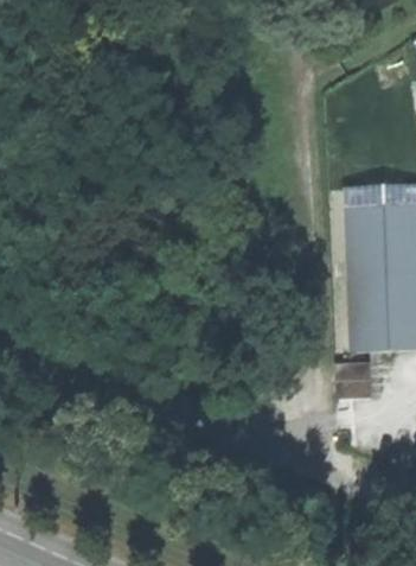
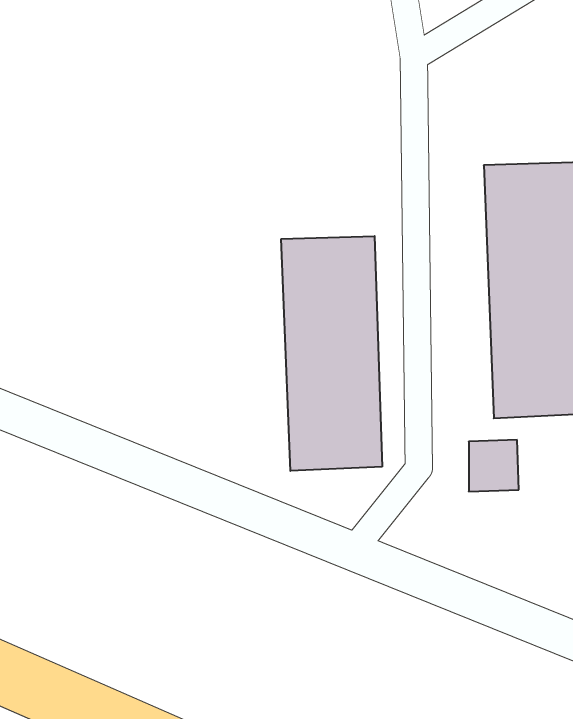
building: none -> [281,236,382,471]

